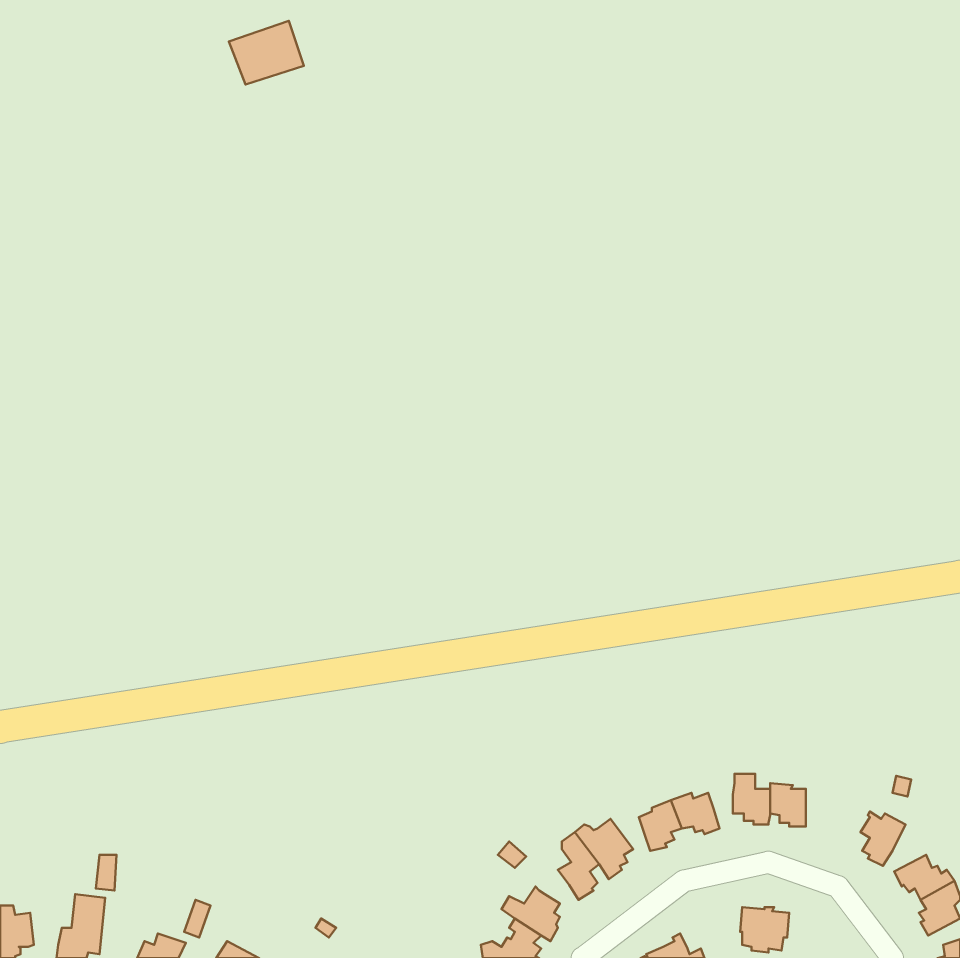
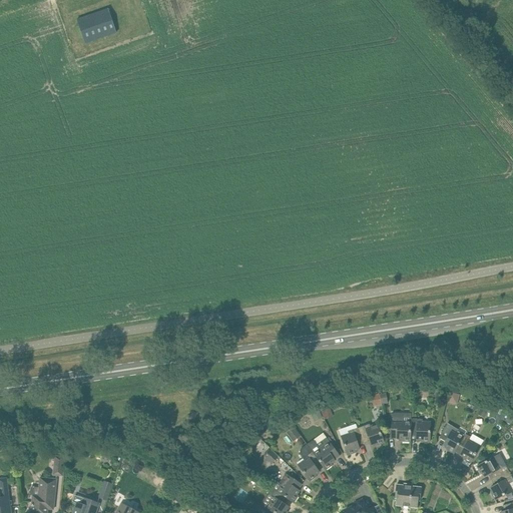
building: [229,21,304,85] -> [76,8,116,42]
building: none -> [439,423,464,453]

